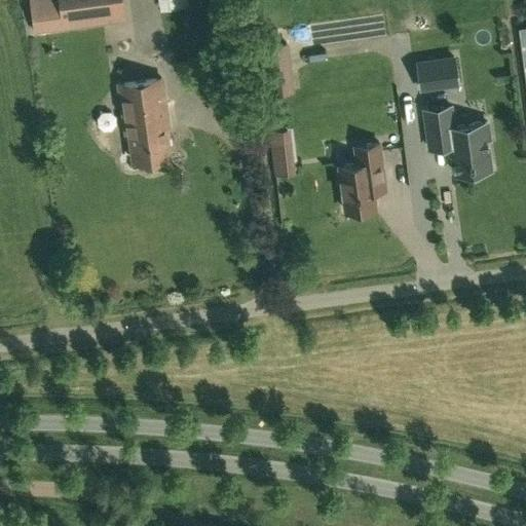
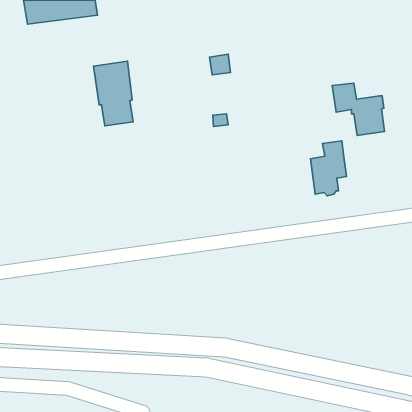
building: [417,57,458,88] -> none
building: [339,143,385,213] -> [310,141,347,196]

